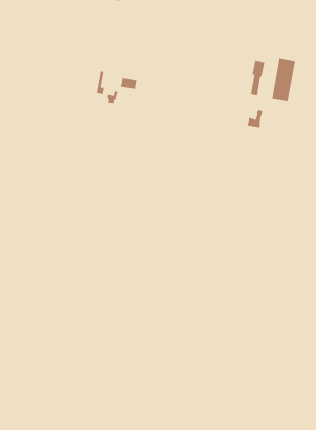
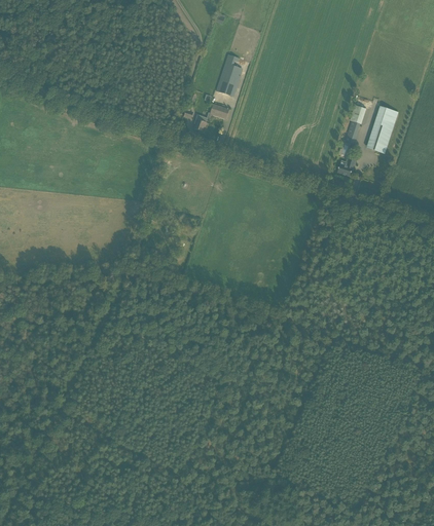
building: none -> [216,53,243,96]

